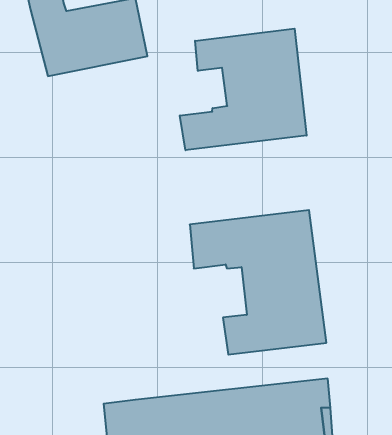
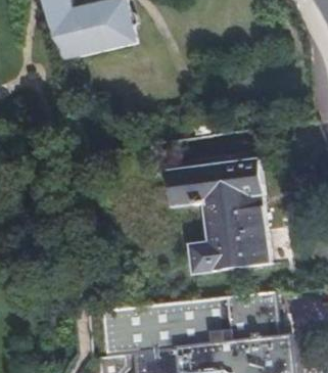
building: [180,29,307,150] -> none

